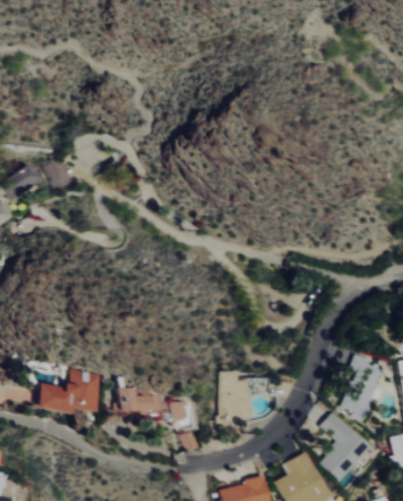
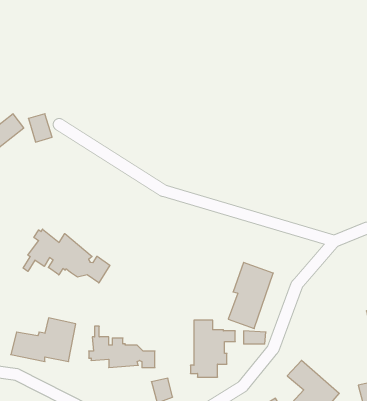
building: none -> [23,229,110,283]
building: [341,351,387,419] -> [228,262,273,329]

